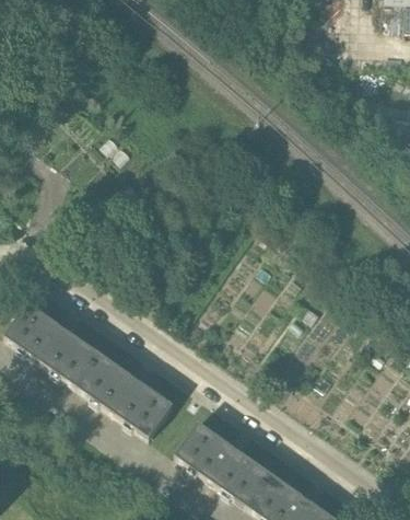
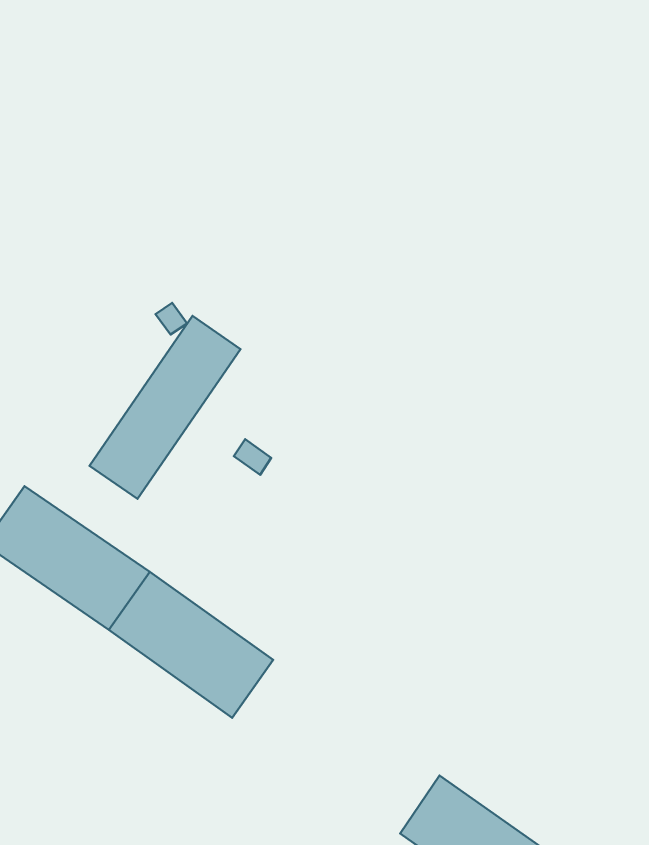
building: none -> [89,316,240,499]
building: [175,421,271,506] -> none

